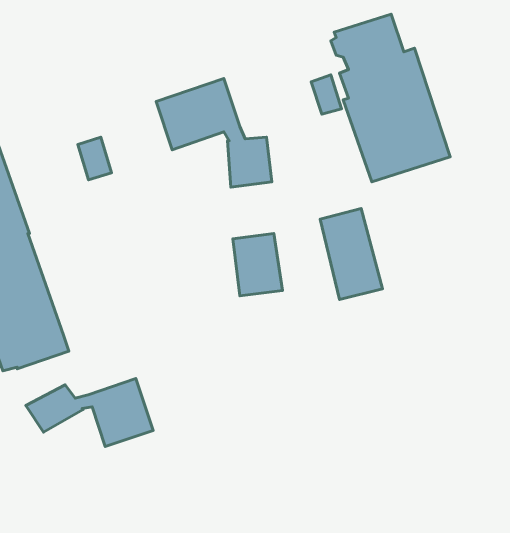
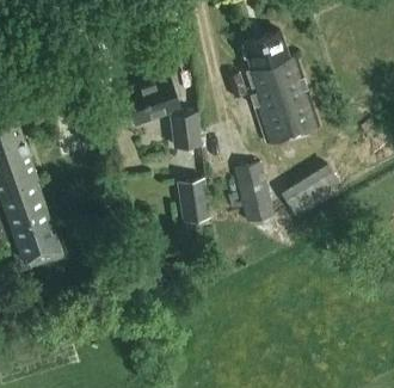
building: none -> [279,165,343,218]
building: [26,379,153,447] -> none

